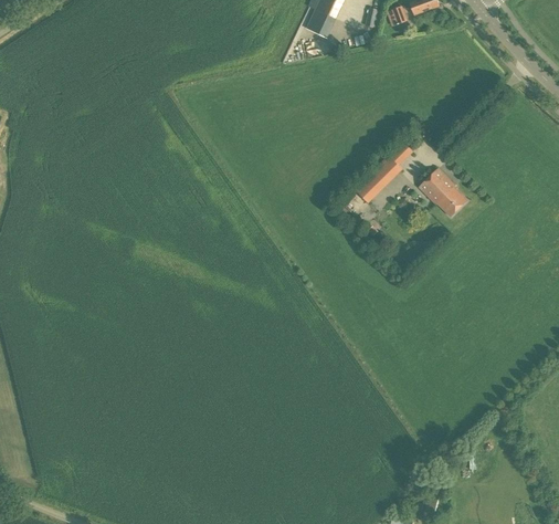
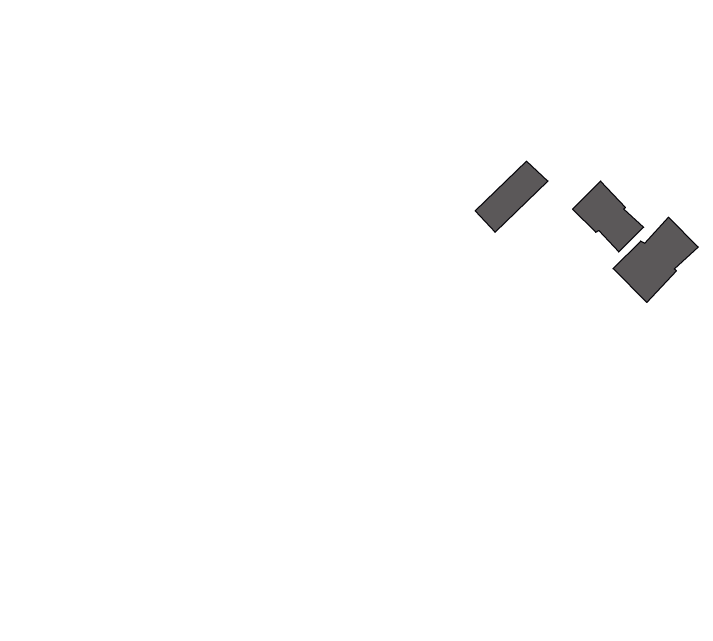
building: none -> [613,217,698,302]

